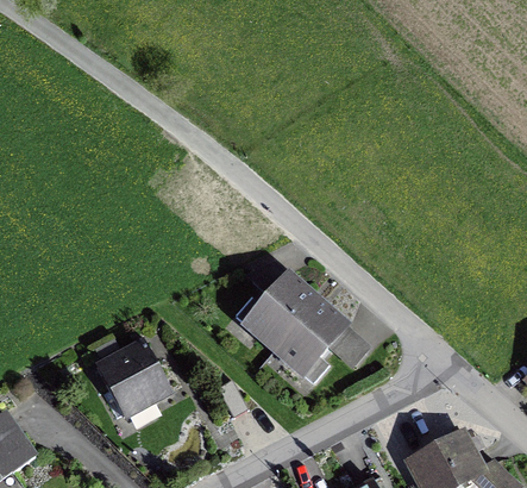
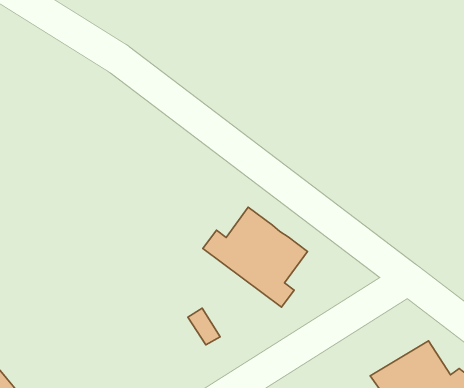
building: [93,336,174,428] -> none

